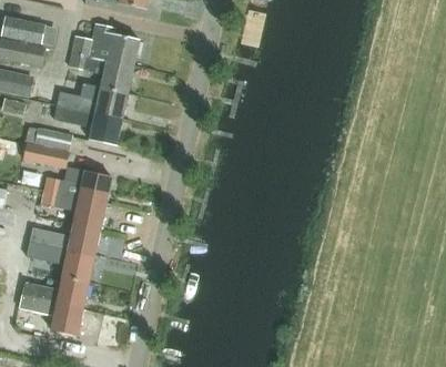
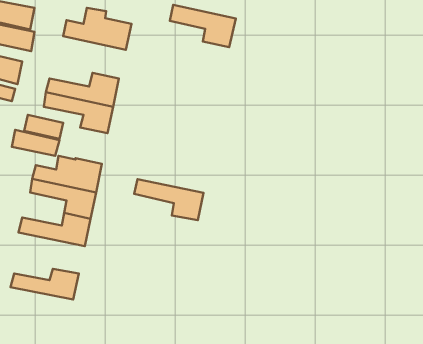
building: [69,51,133,92] -> [170,5,236,47]
building: [26,242,93,282] -> [134,179,204,220]
building: [19,295,82,335] -> none

